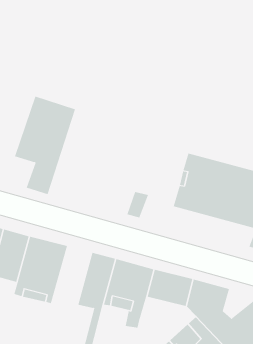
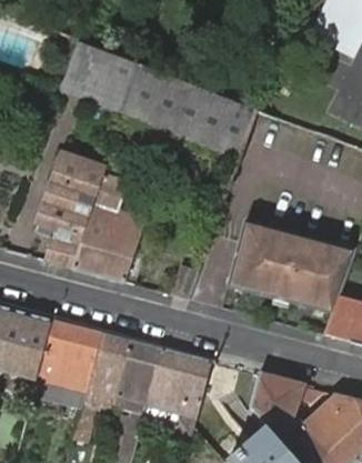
building: none -> [63,41,257,154]
building: none -> [74,163,145,282]
building: none -> [70,333,129,445]

